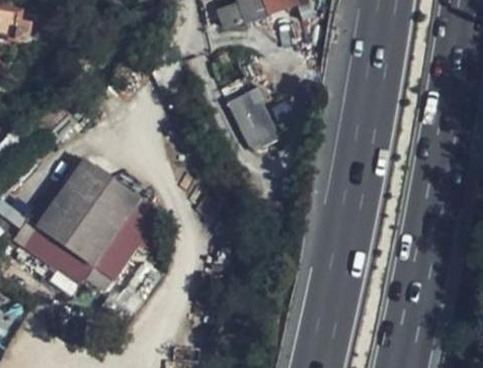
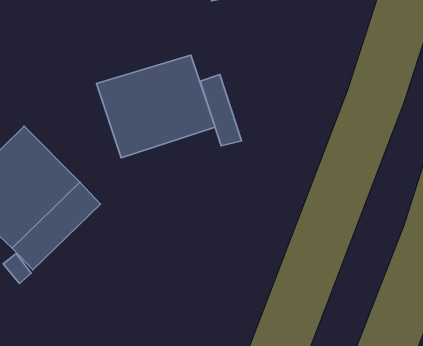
building: none -> [97,55,215,158]

